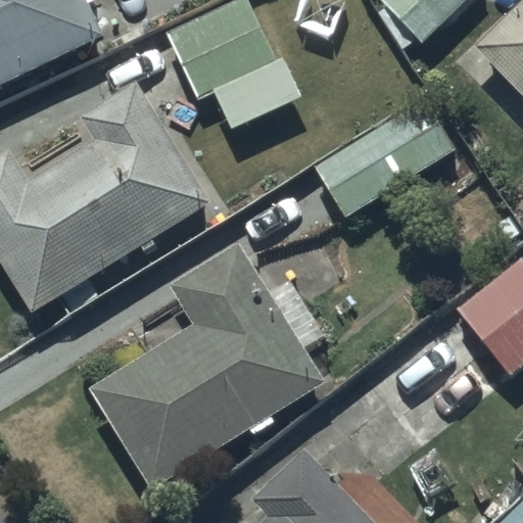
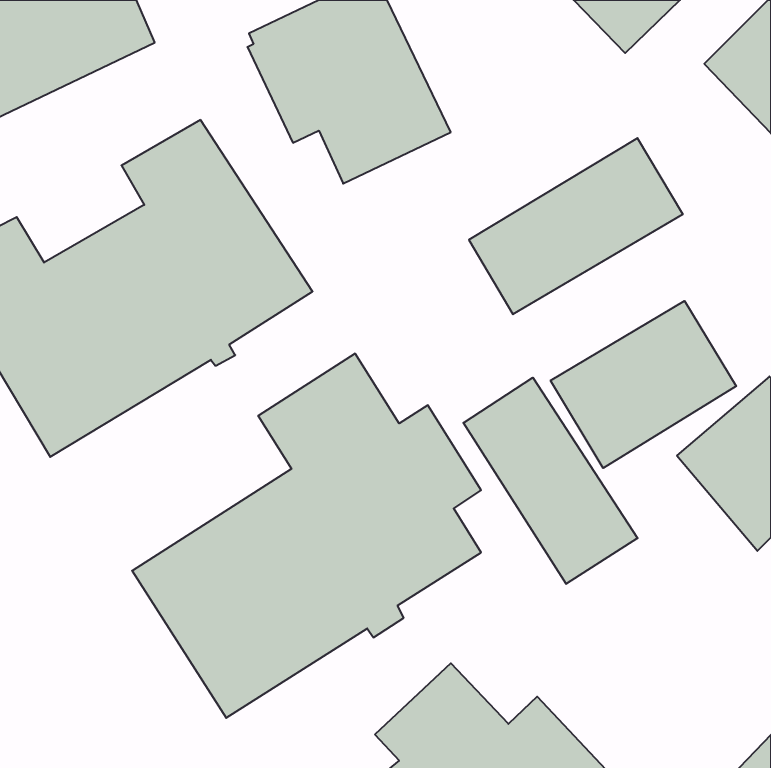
building: none -> [551,301,736,468]
building: none -> [463,378,638,584]

